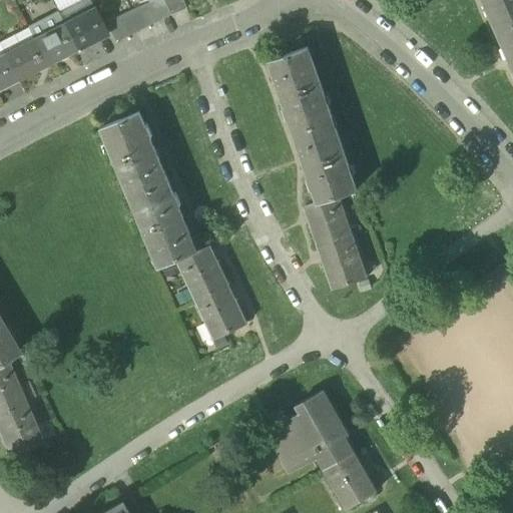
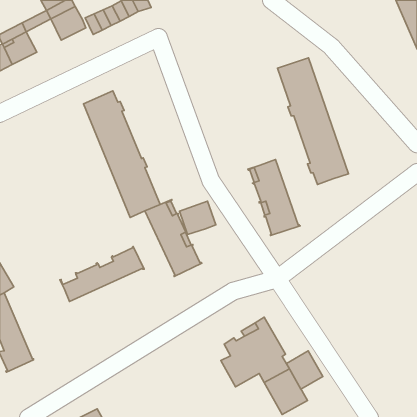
building: [32,24,75,65] -> none
building: [270,48,357,203] -> [277,58,348,184]
building: none -> [179,201,216,235]
building: none -> [60,247,144,301]
building: none -> [286,351,323,389]

